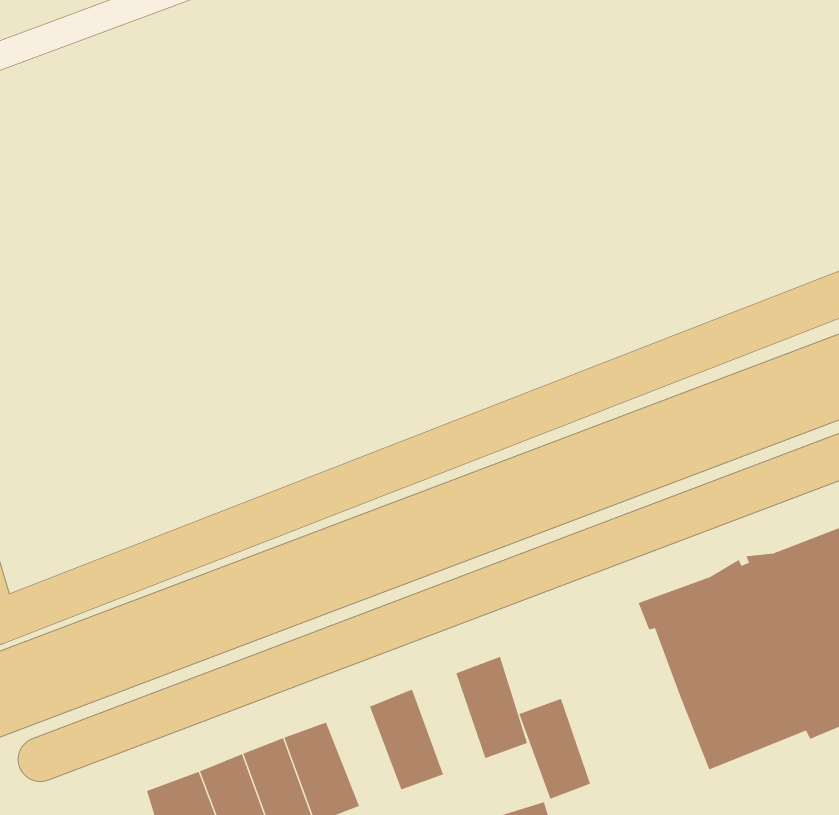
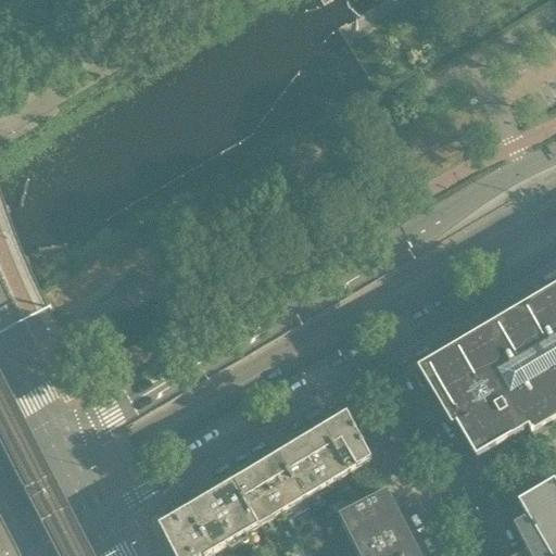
building: [519,698,591,800] -> [301,421,349,480]
building: none -> [255,448,304,506]

